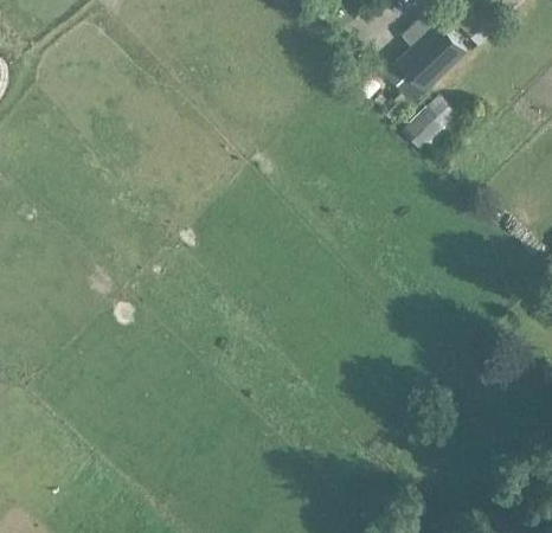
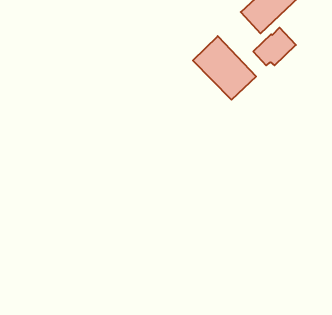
building: none -> [193,36,256,100]

